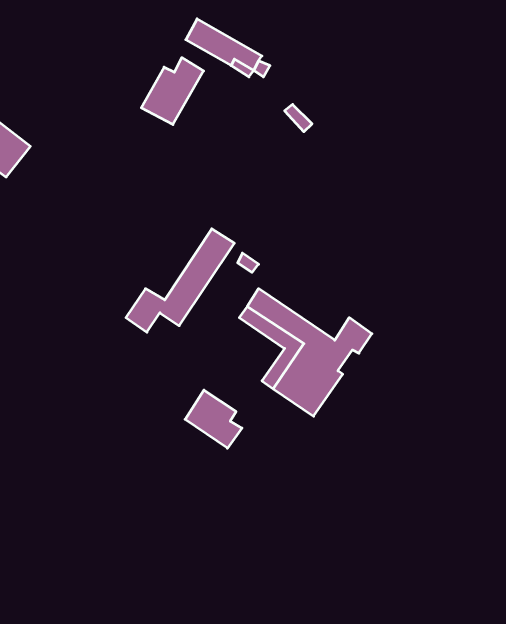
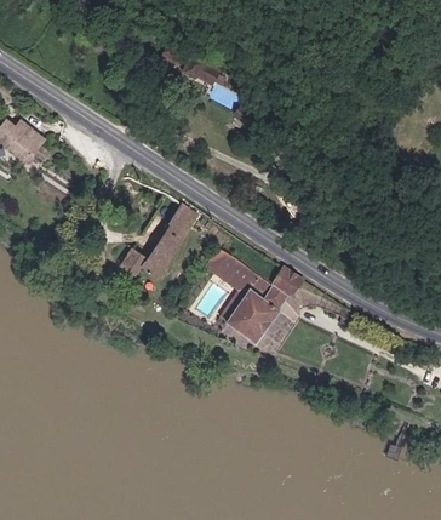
building: [141,58,204,125] -> none
building: [185,390,242,448] -> none

